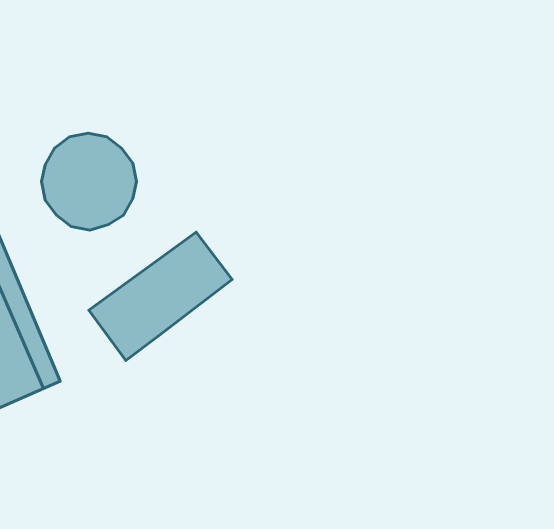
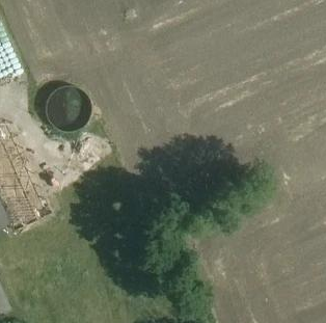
building: [89,232,232,360] -> none

